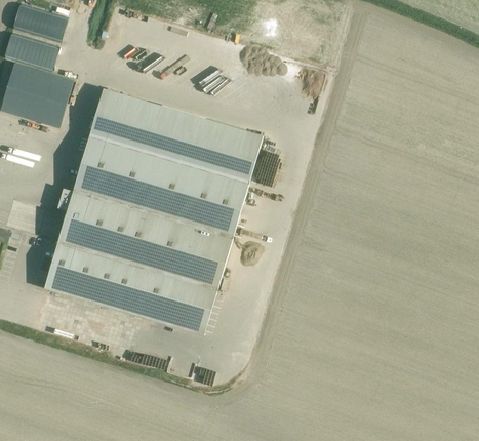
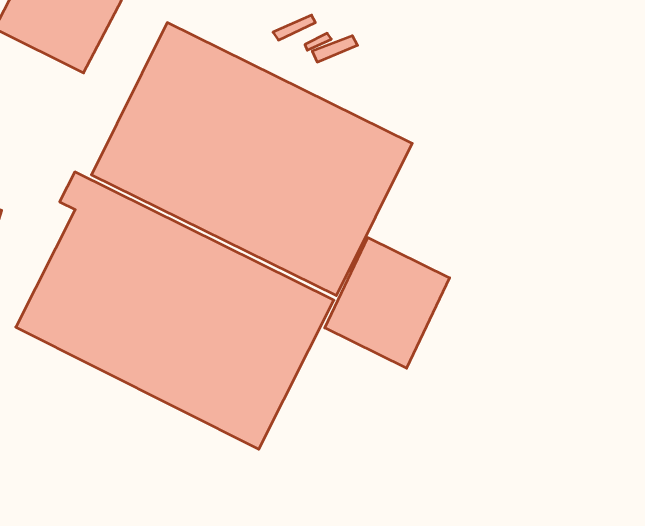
building: none -> [325,238,450,368]

